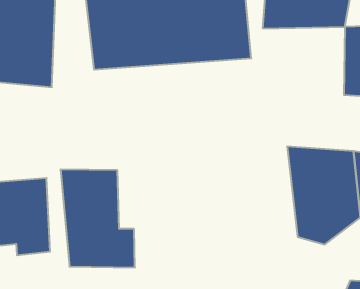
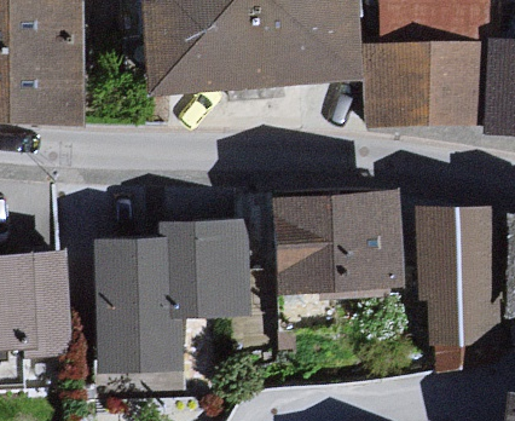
building: none -> [374,40,487,134]
building: none -> [259,188,407,293]
building: none -> [161,220,265,321]

